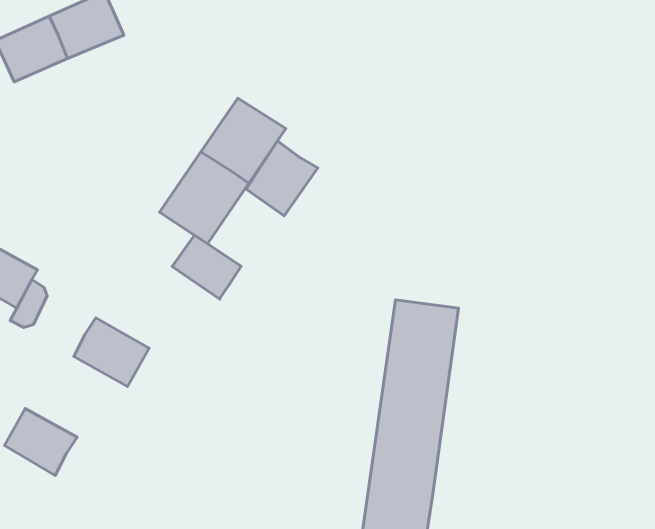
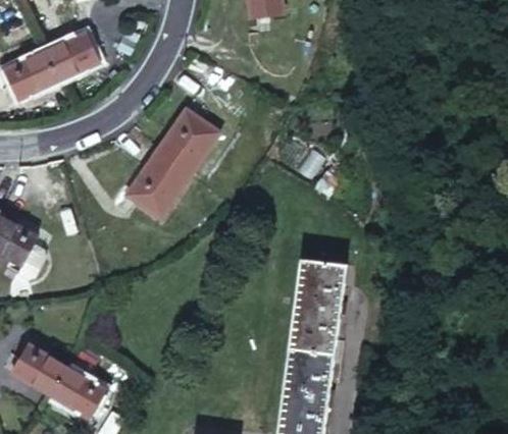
building: [246,141,318,216] -> none
building: [172,235,241,299] -> none
building: [74,318,149,387] -> [48,362,104,413]

